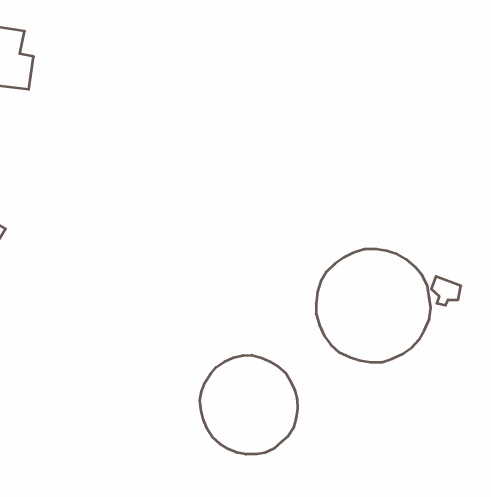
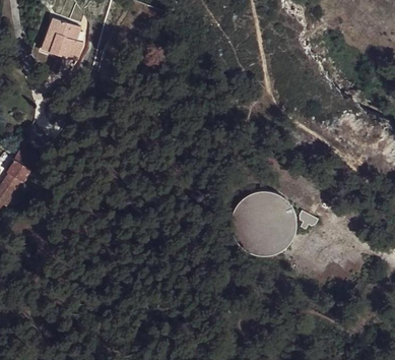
building: [200,355,298,454] -> none

